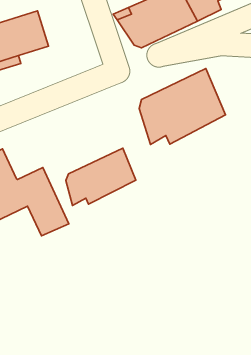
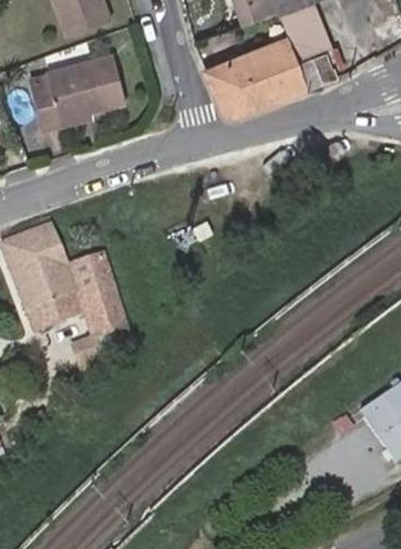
building: [139,69,226,145] -> none
building: [66,148,136,206] -> none

